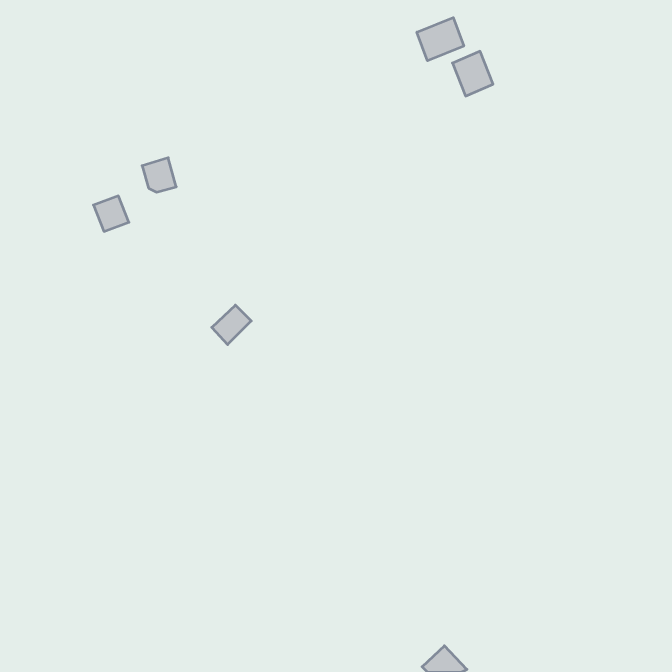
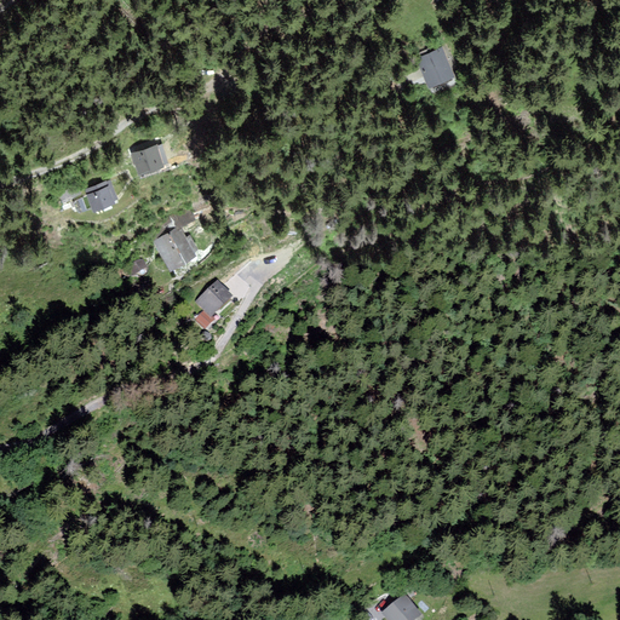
building: [417,18,464,61] -> none
building: none -> [154,224,199,272]

